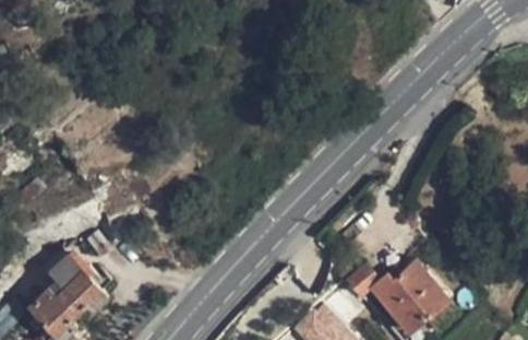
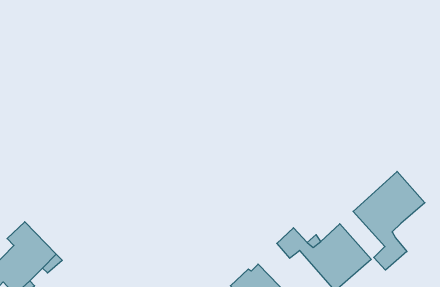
building: none -> [353,171,425,270]

